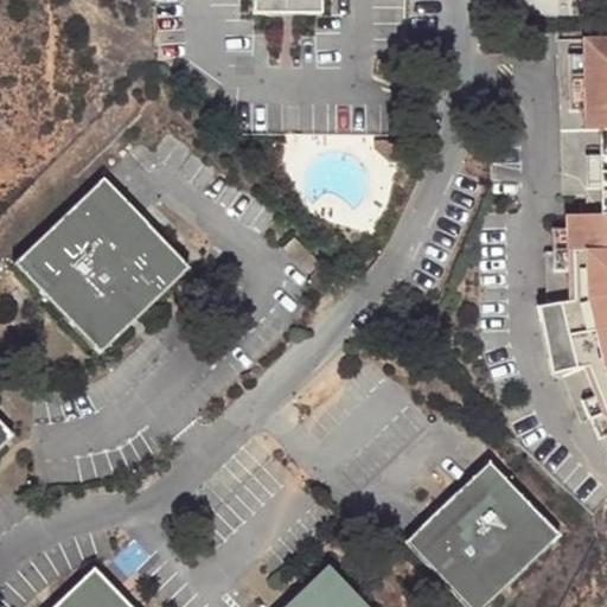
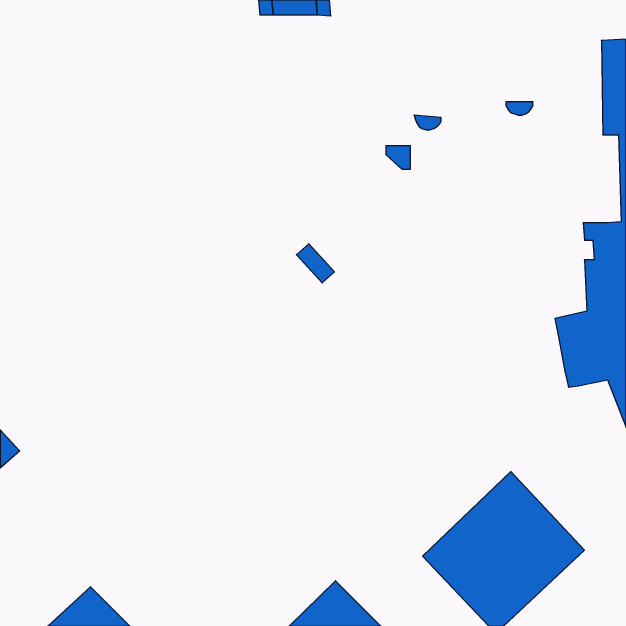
building: [18,178,193,354] -> none

